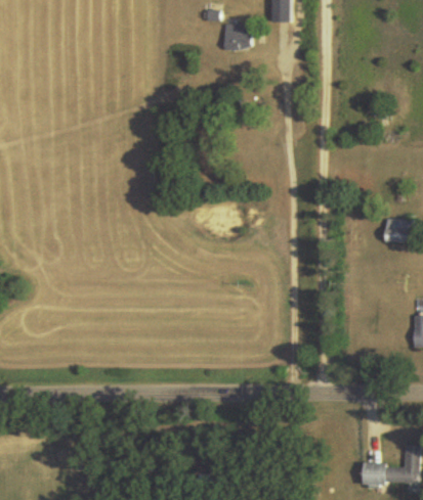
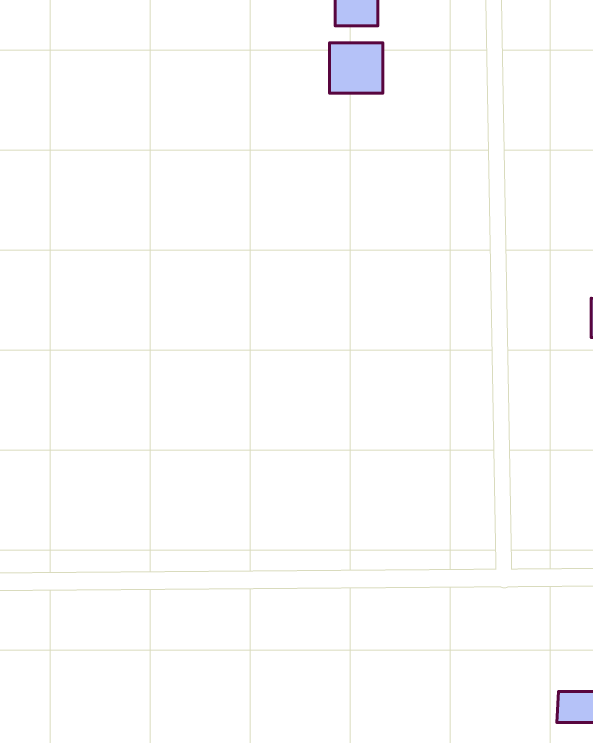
building: none -> [329,43,383,93]

